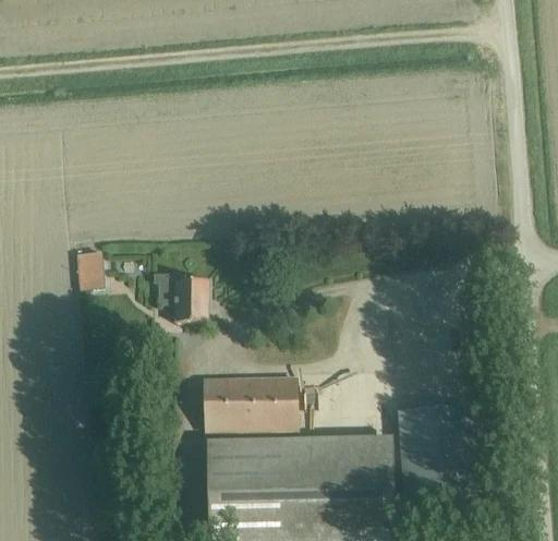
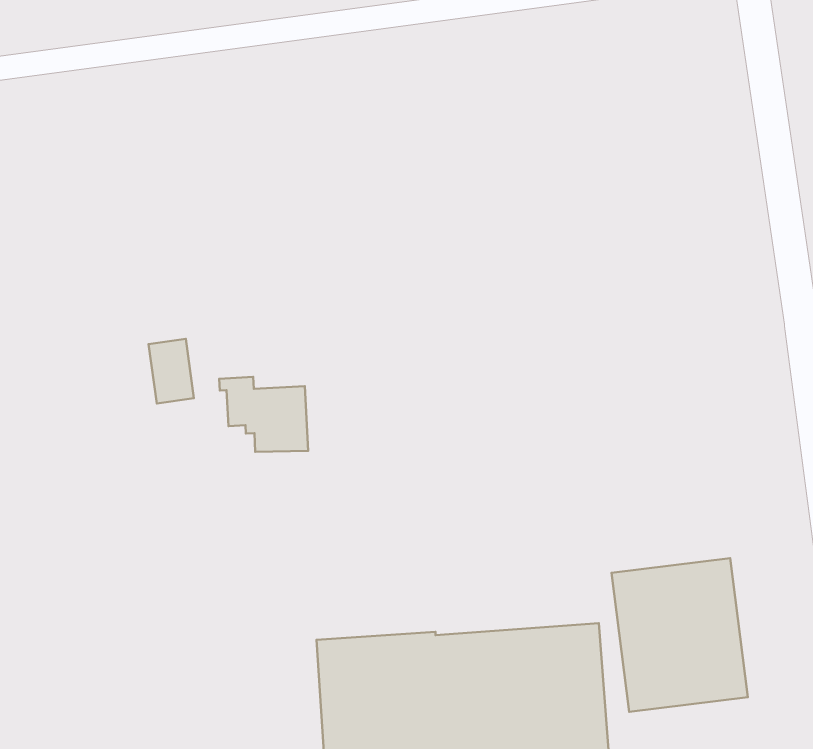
building: [75,247,102,287] -> [148,339,194,403]
building: [205,376,296,429] -> none

